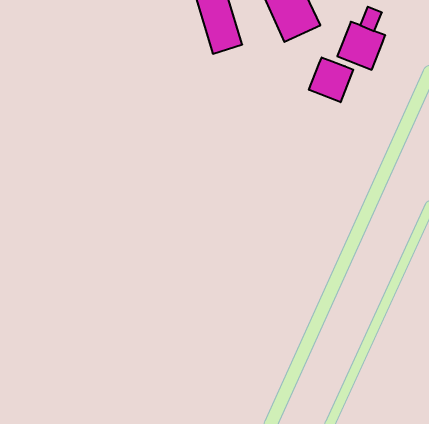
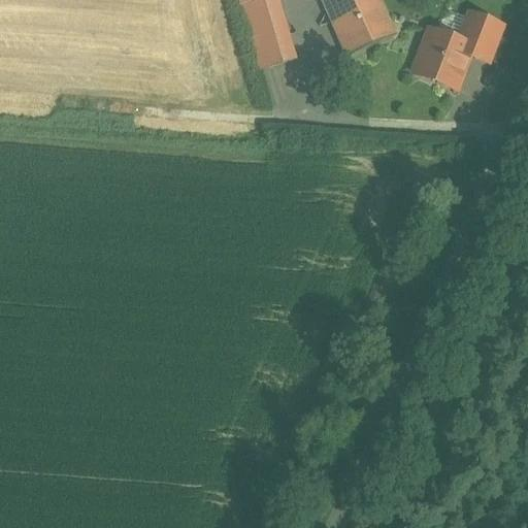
building: none -> [460,11,501,58]
building: [309,57,353,102] -> none

